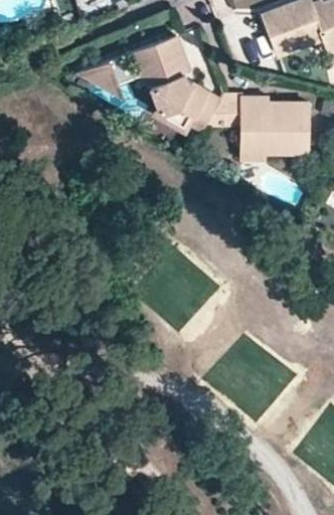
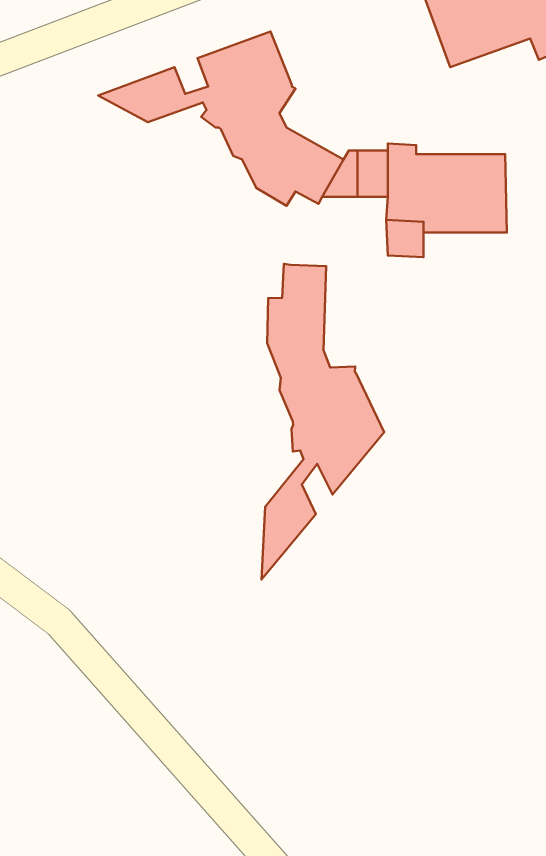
building: none -> [262,264,384,580]

